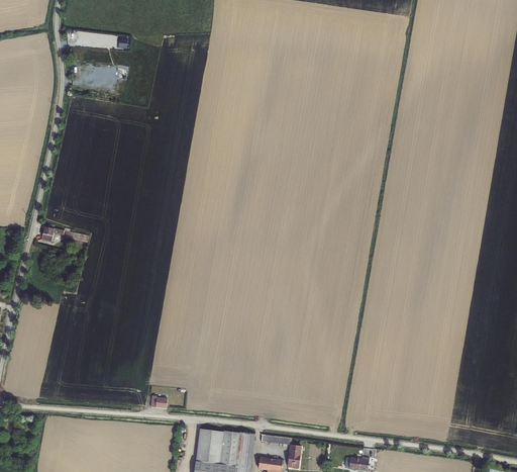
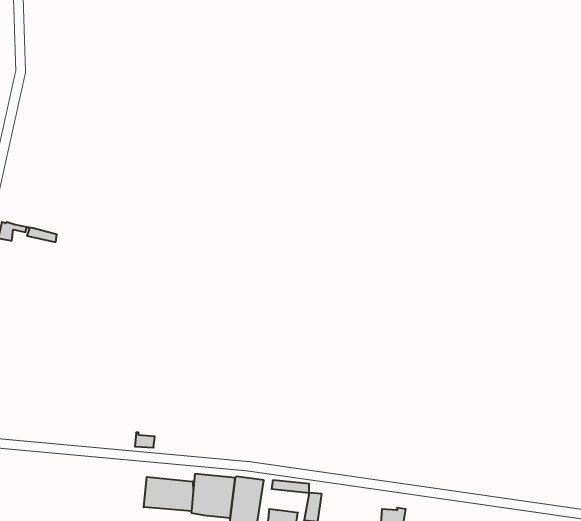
building: none -> [144,477,193,511]

